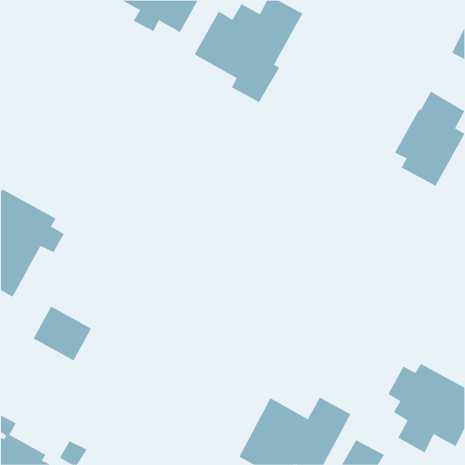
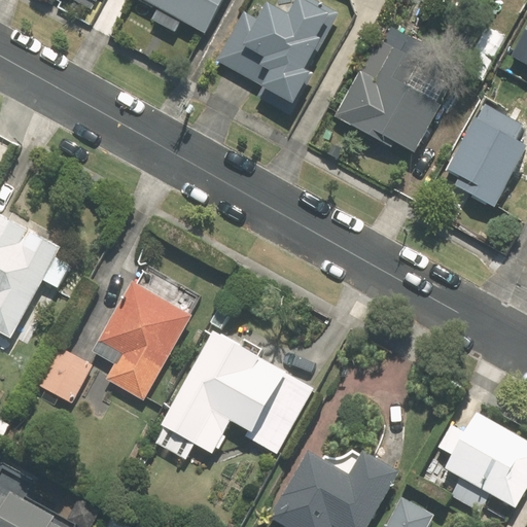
building: none -> [335,45,437,155]
building: none -> [92,280,190,399]
building: none -> [160,330,312,452]

